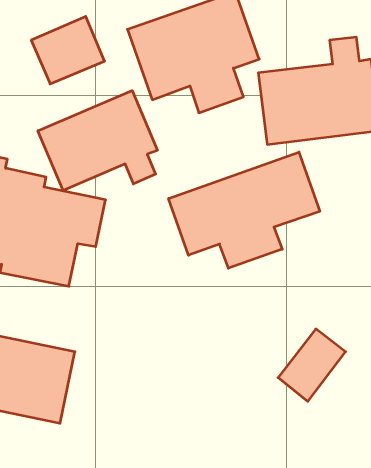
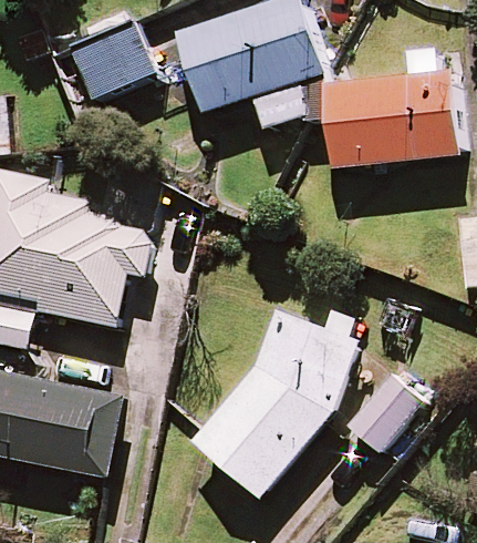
building: [38,91,157,190] -> none
building: [169,152,320,268] -> none
building: none -> [195,311,359,496]

